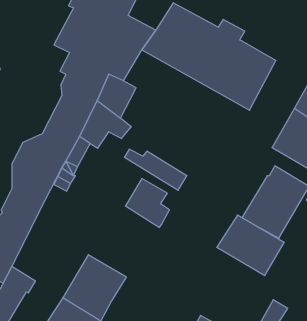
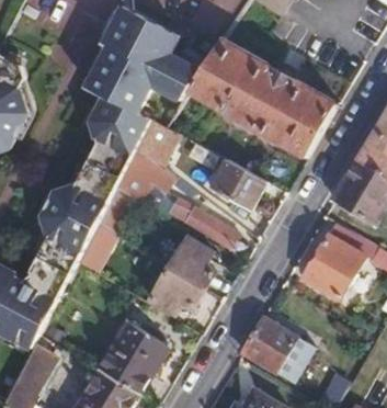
building: none -> [209,159,265,211]
building: none -> [146,265,205,316]
building: [217,215,284,276] -> [239,316,315,384]

